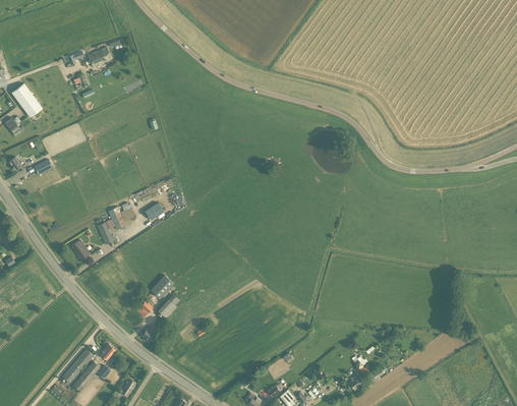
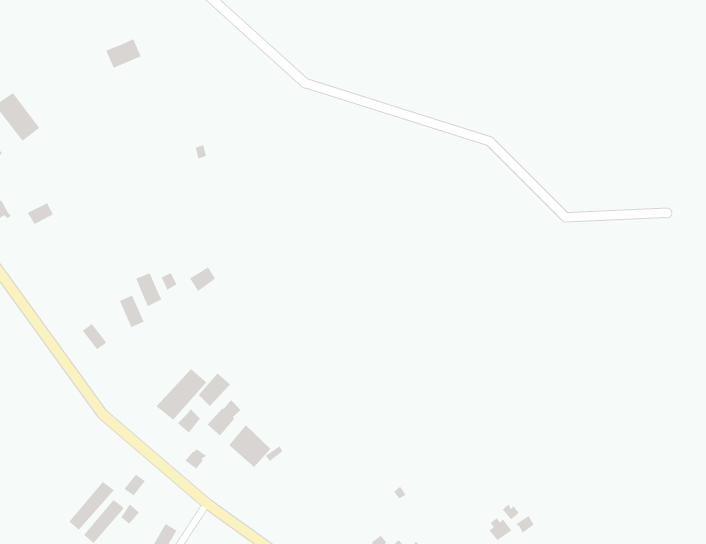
building: none -> [156,368,207,421]
building: none -> [229,425,271,468]

